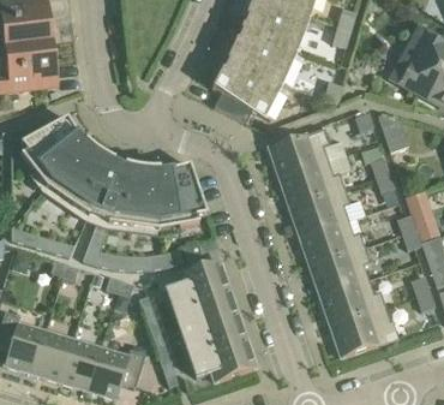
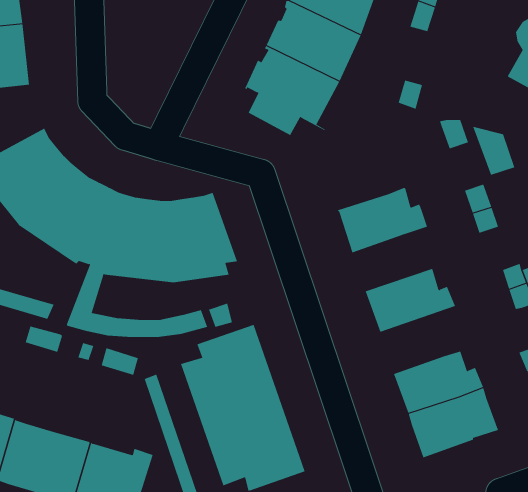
building: [268,129,329,178] -> none
building: [289,190,364,237] -> none
building: [310,248,370,297] -> none

